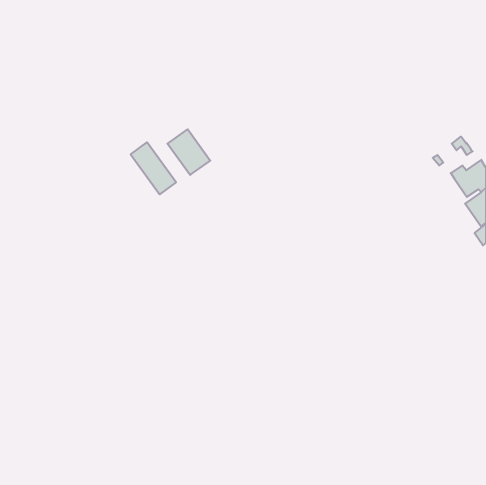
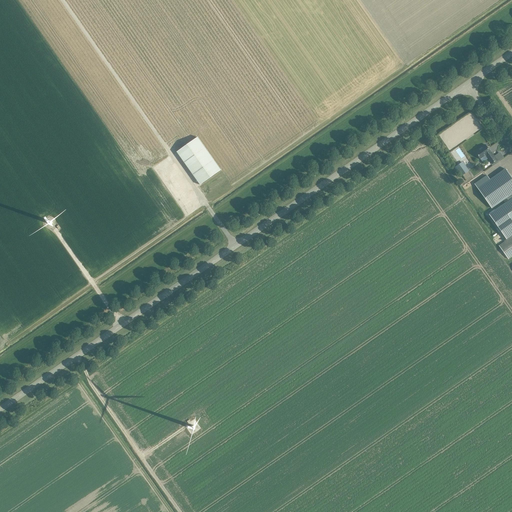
building: [131,142,176,194] -> none

